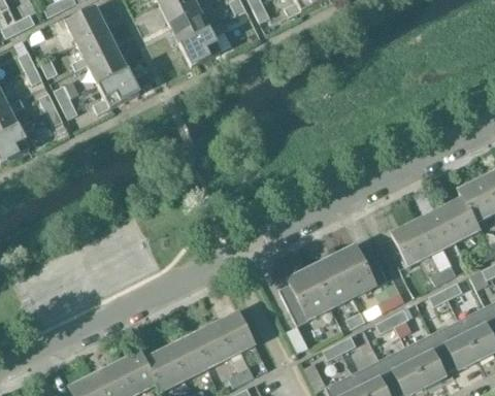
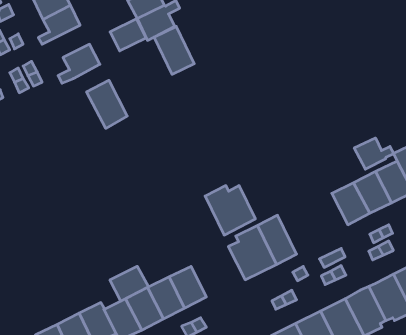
building: [88,50,127,85] -> [110,19,146,51]
building: none -> [154,26,194,74]
building: none -> [87,80,127,128]
building: none -> [354,138,394,169]
building: [331,244,386,298] -> [205,186,255,235]
building: none -> [110,266,149,301]

